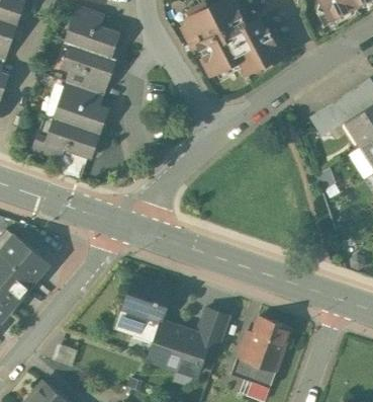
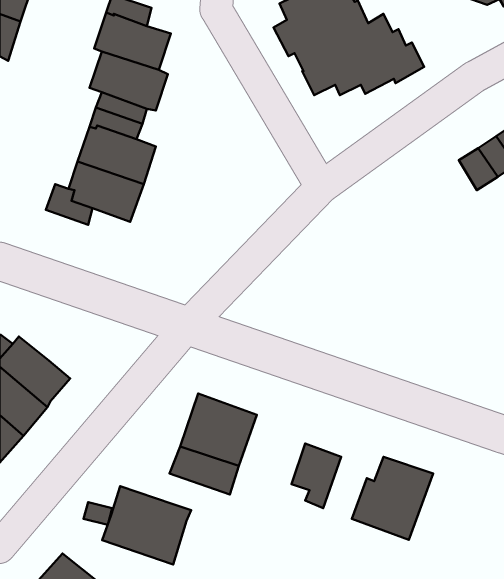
building: [149,323,208,376] -> [102,486,191,564]
building: [230,358,275,389] -> none

